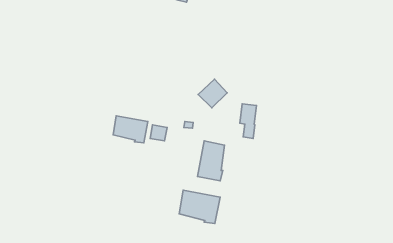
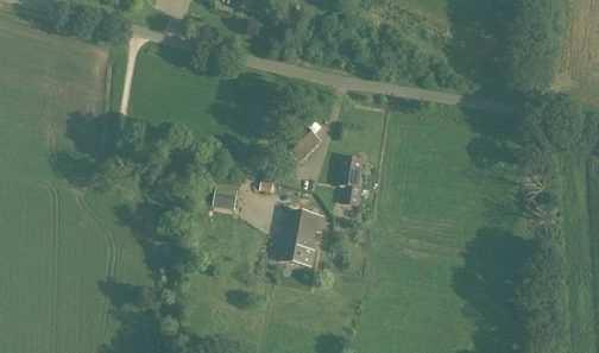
building: [113,116,148,143] -> none
building: [179,190,220,224] -> none

